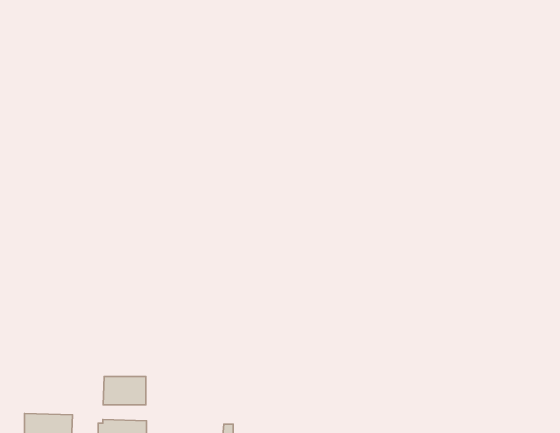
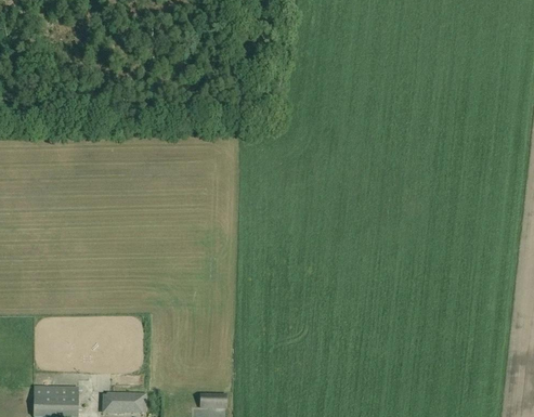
building: [103,377,146,405] -> none

